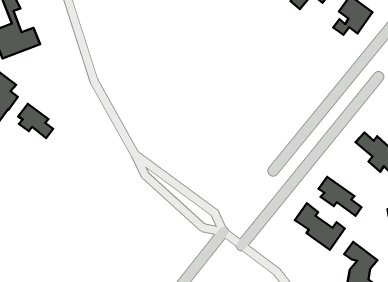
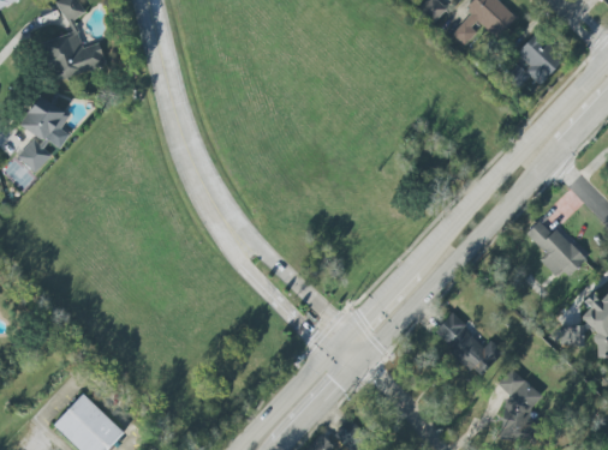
building: [18,104,53,138] -> none
building: [319,177,362,216] -> none

